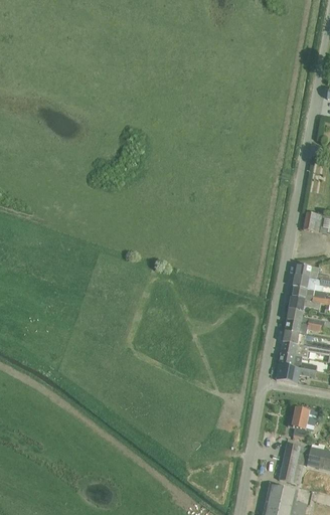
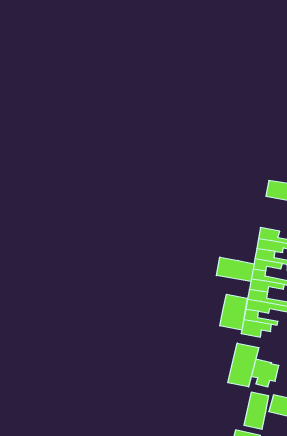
building: none -> [216,257,254,281]
building: none -> [220,294,247,330]
building: none -> [228,343,259,387]

